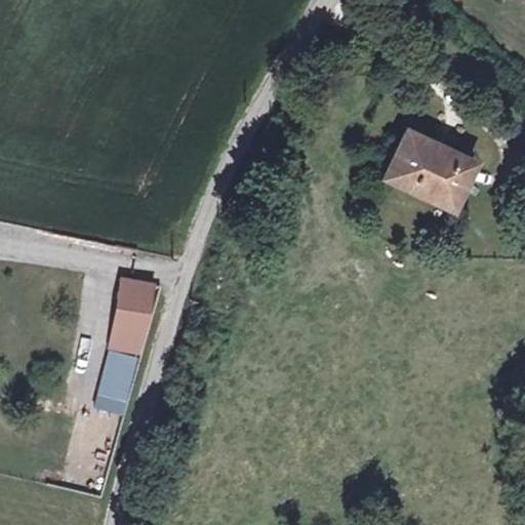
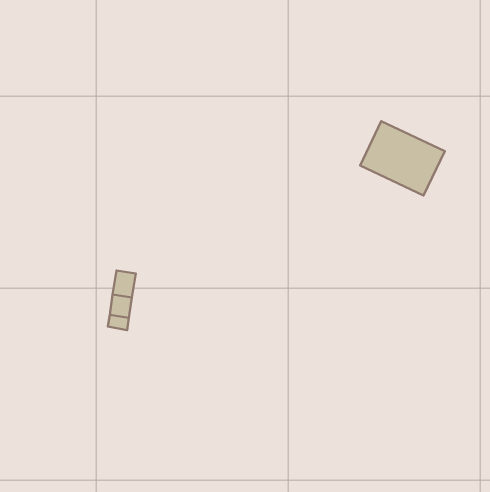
building: [97,350,142,402] -> none

